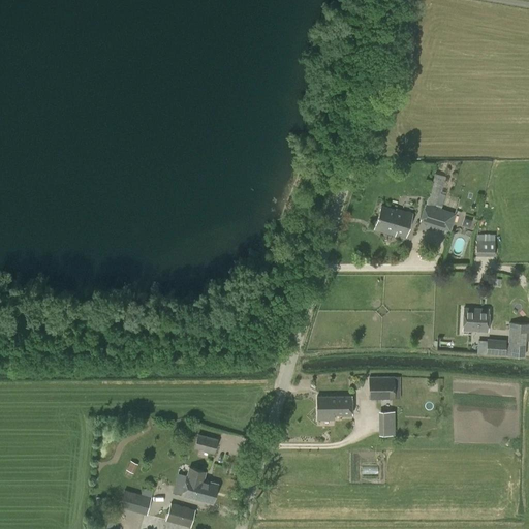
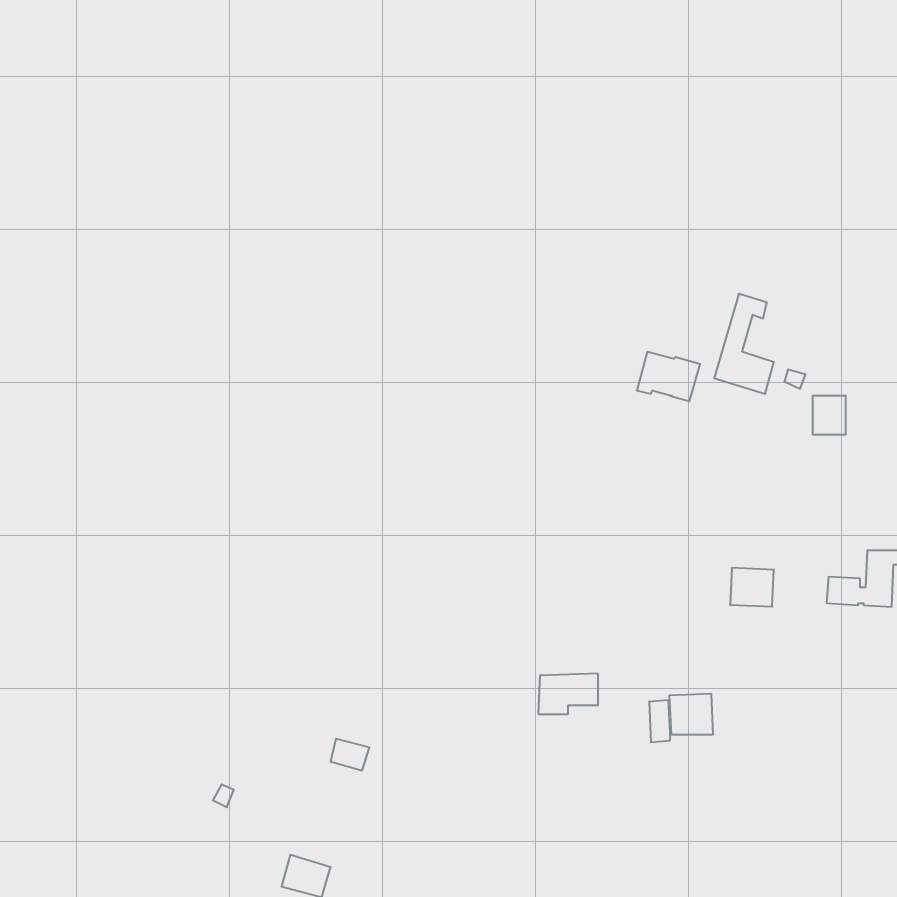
building: [463,309,489,332] -> [730,568,774,607]
building: [369,377,395,401] -> [669,694,713,734]
building: [182,468,219,504] -> none
building: [120,489,154,516] -> none

